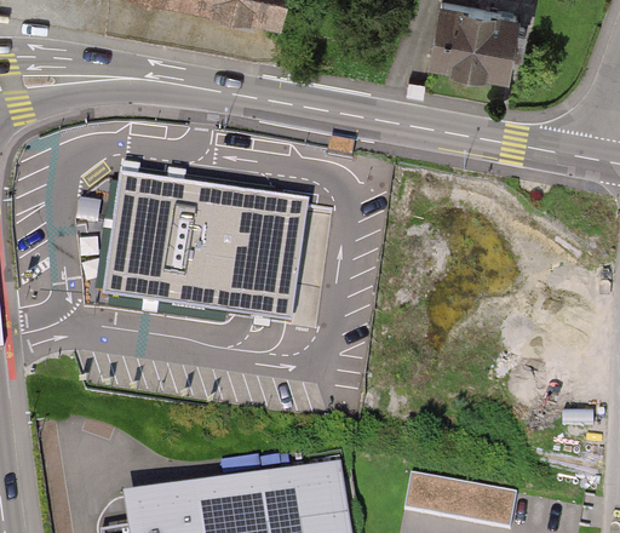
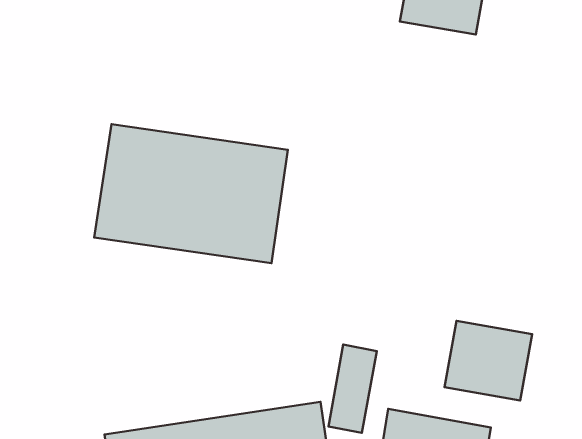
building: none -> [445,321,532,400]
building: none -> [328,345,377,433]

